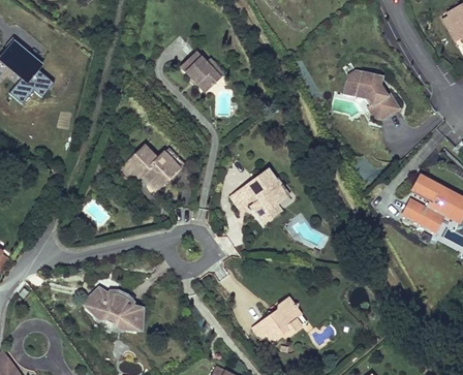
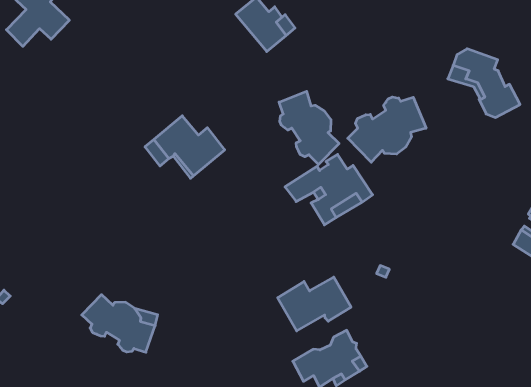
building: none -> [348,97,426,162]
building: none -> [279,91,339,165]
building: none -> [278,277,351,331]

